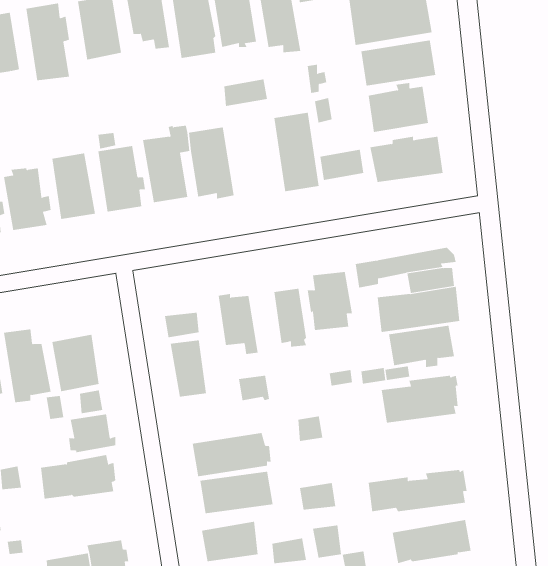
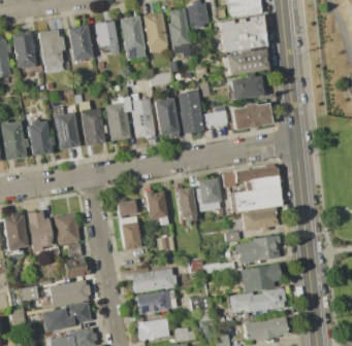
building: none -> [155,98,179,138]
building: none -> [243,265,281,291]
building: none -> [44,302,93,330]

